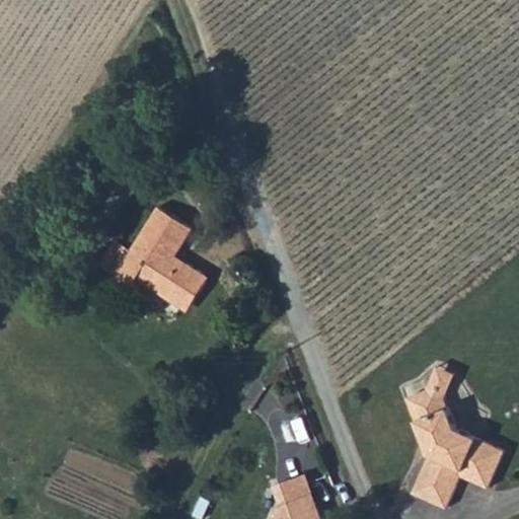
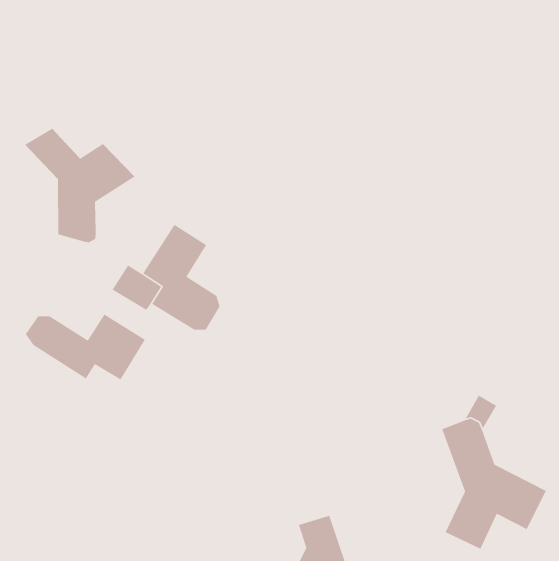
building: none -> [24,128,135,243]
building: none -> [25,314,146,381]

